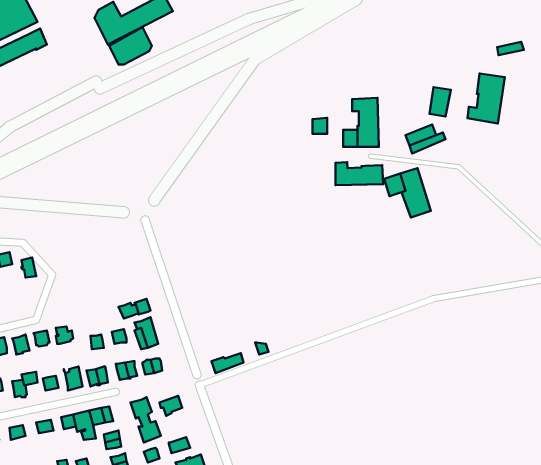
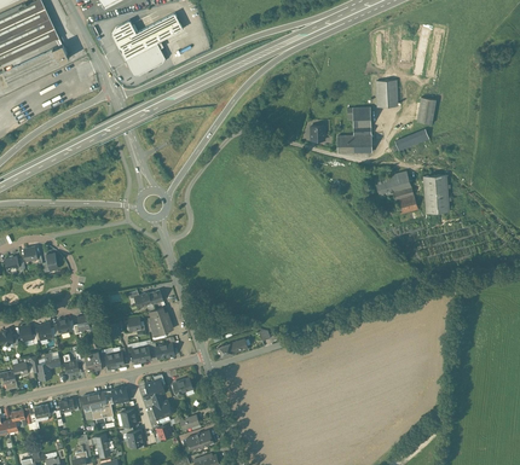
building: none -> [375,80,397,106]
building: [468,74,505,123] -> none
building: [336,162,383,185] -> none
building: none -> [422,174,450,211]

